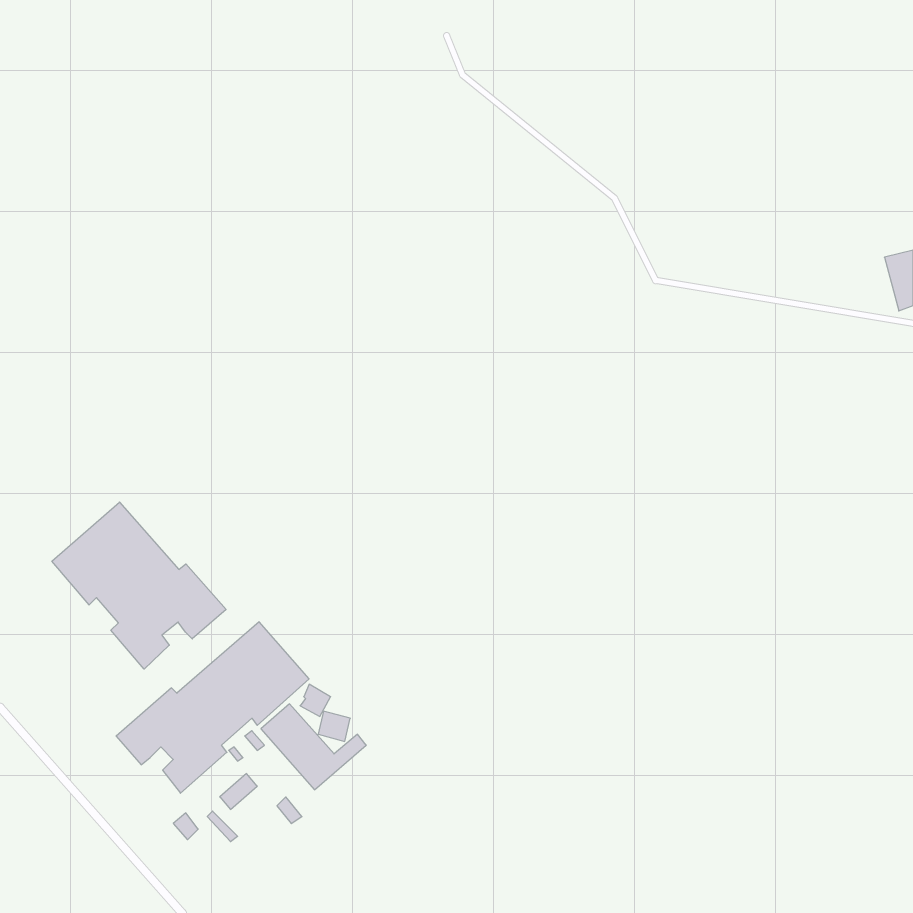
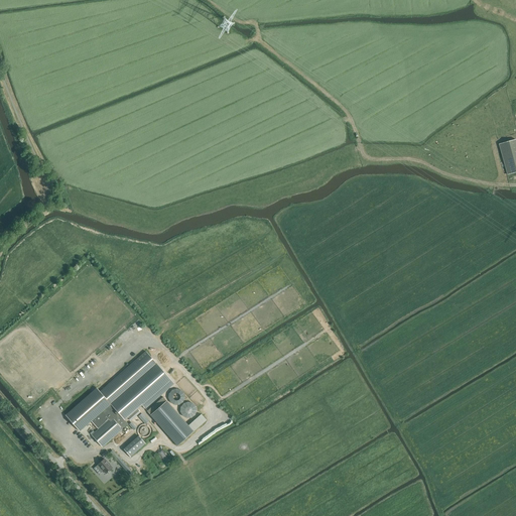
building: [52,502,226,669] -> none

